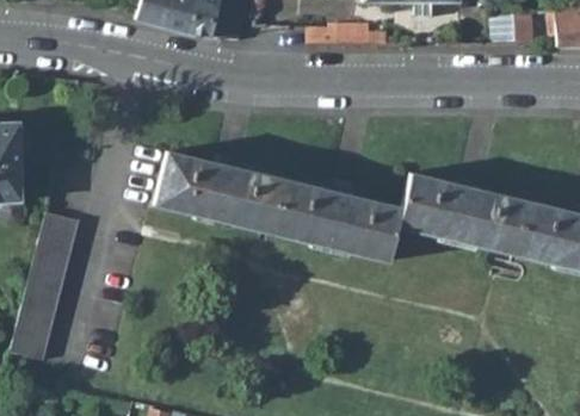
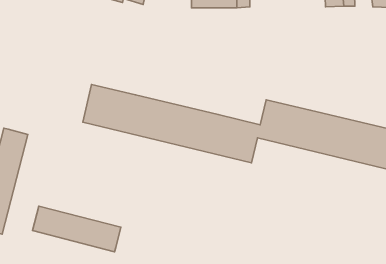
building: none -> [32,206,121,252]

